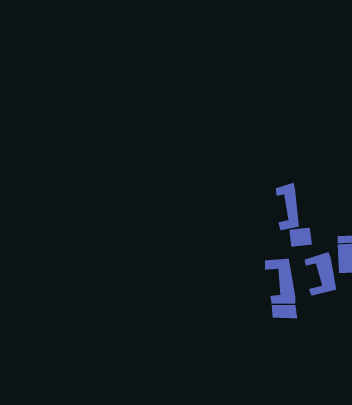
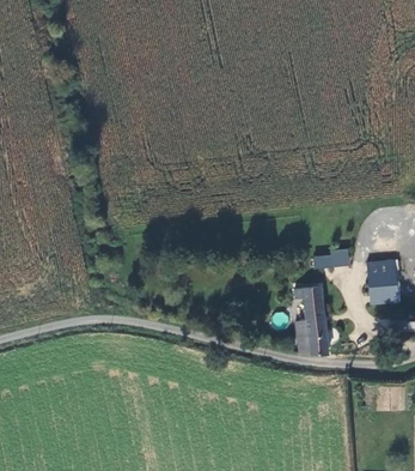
building: [275,182,299,231] -> none
building: [304,251,337,296] -> none

